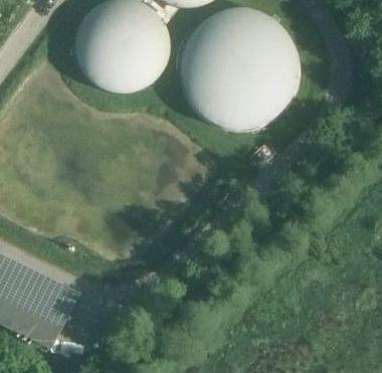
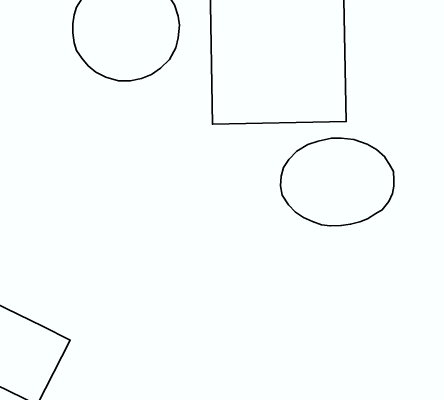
building: none -> [280,138,394,226]

